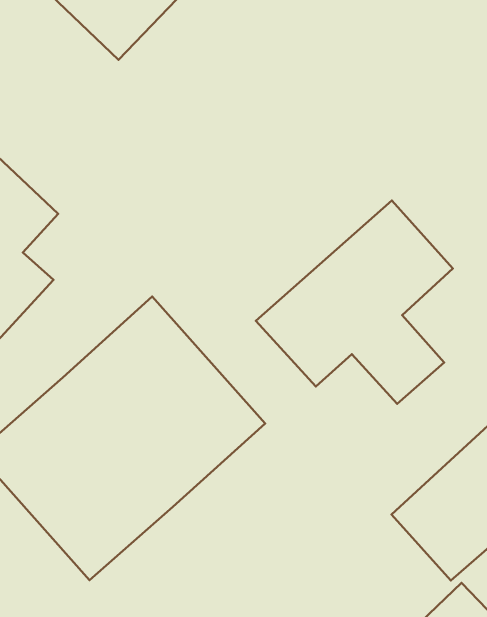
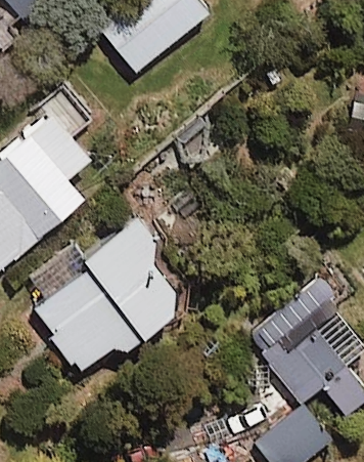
building: [256,201,453,404] -> none

